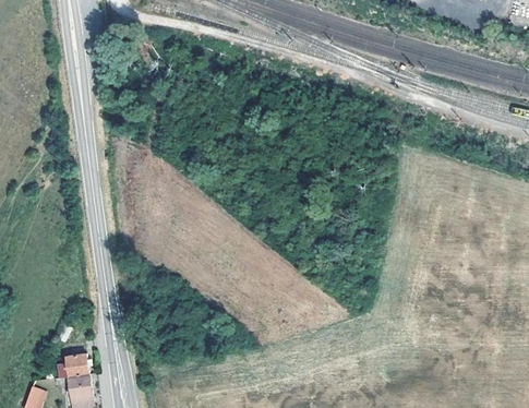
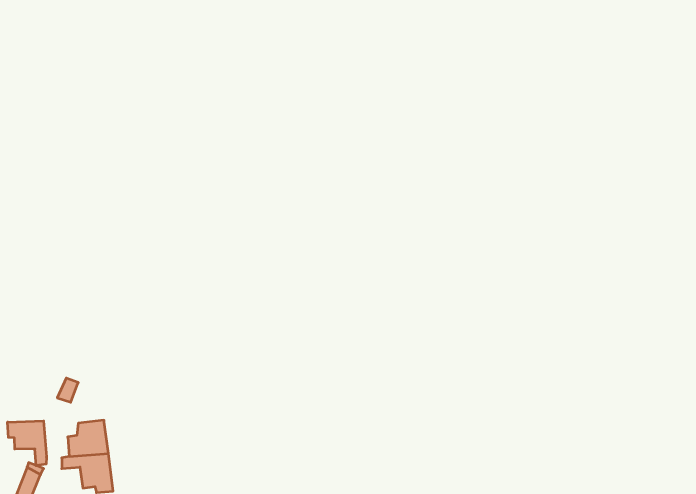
building: none -> [8,421,46,466]

